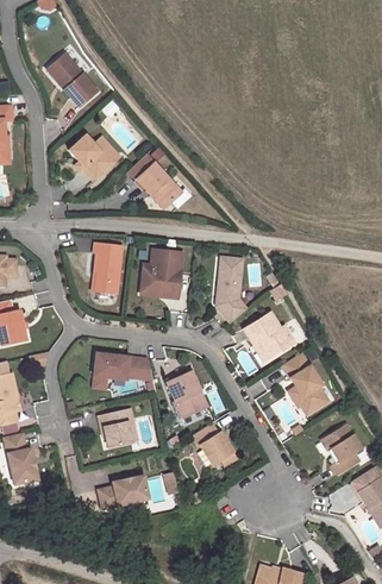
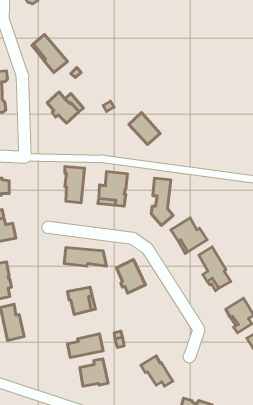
building: [138,163,182,208] -> [129,113,160,145]
building: [192,422,237,465] -> [141,356,173,386]
building: none -> [80,359,108,386]

